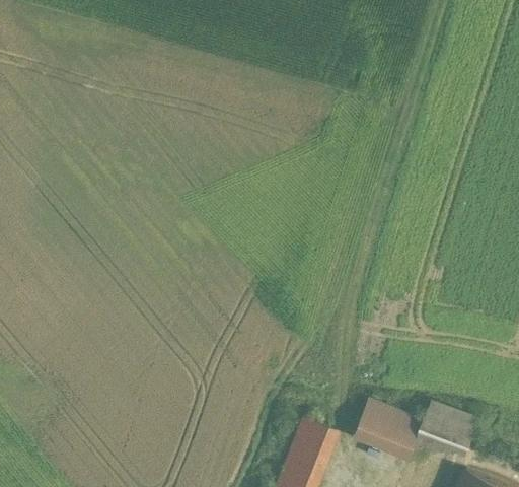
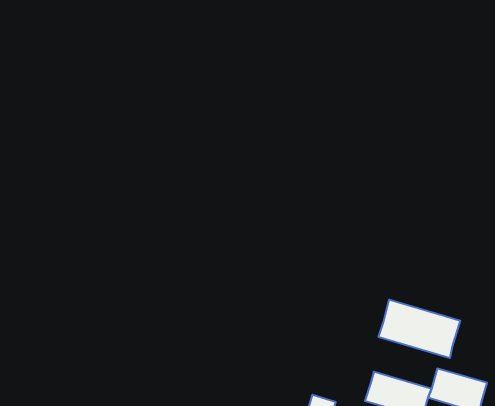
building: none -> [379,300,460,358]

